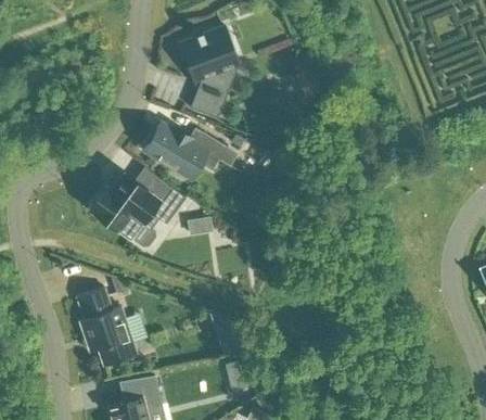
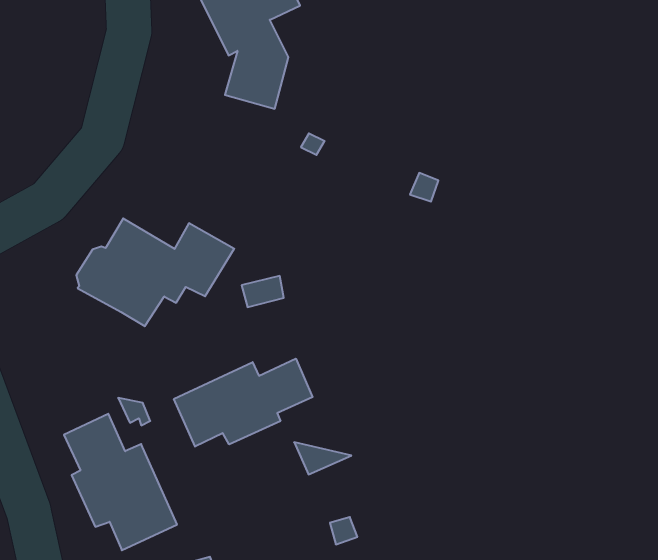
building: [144,123,226,178] -> none
building: none -> [174,359,313,447]

